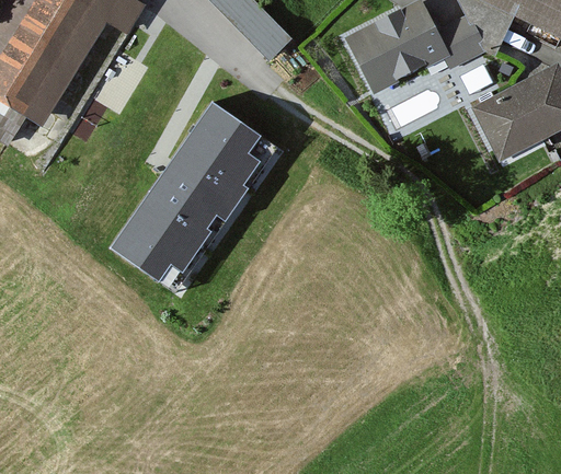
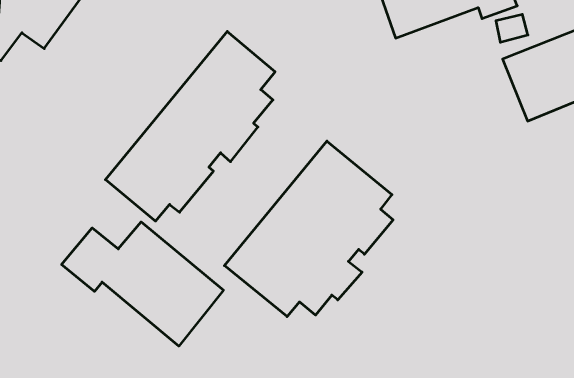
building: none -> [224,141,393,317]
building: none -> [62,222,223,346]

